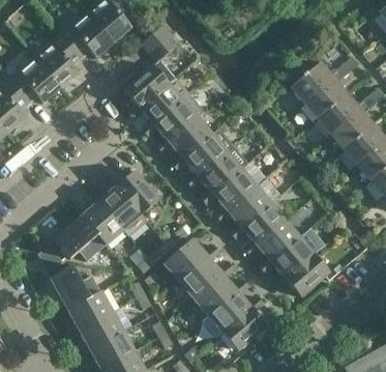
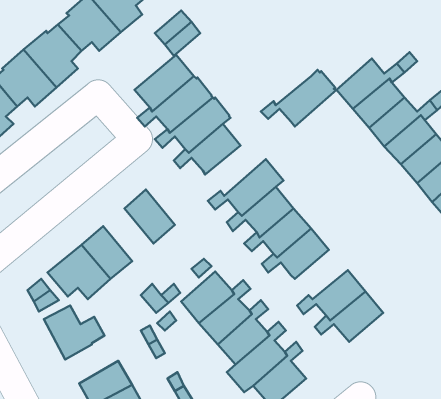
building: [171,130,233,176] -> [261,70,336,127]
building: [99,187,141,230] -> none
building: [244,221,300,261] -> none
building: [68,291,112,331] -> none

